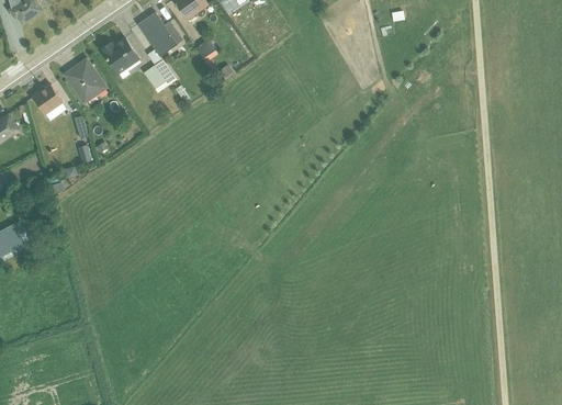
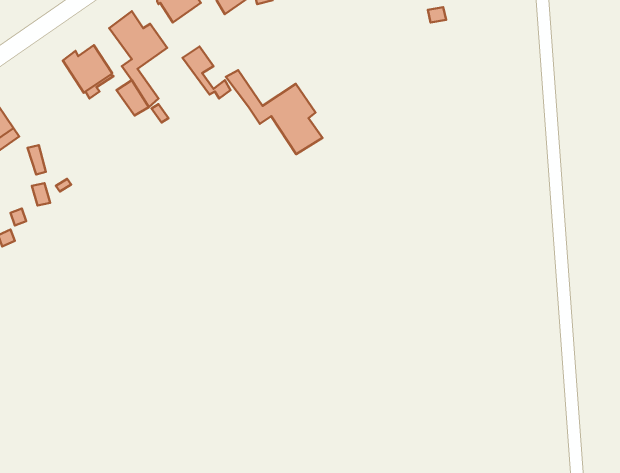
building: none -> [226,70,322,154]
building: [65,58,106,102] -> none

